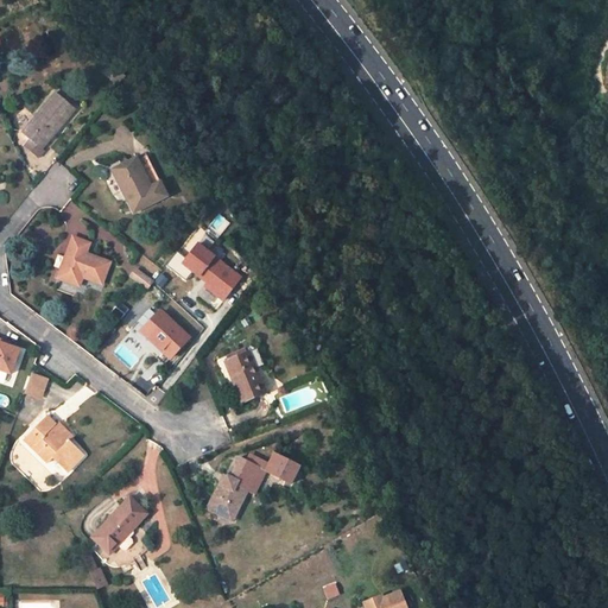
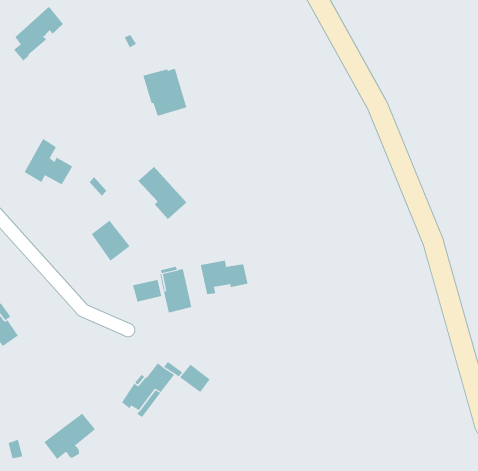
building: [112,154,166,210] -> [142,68,187,116]
building: none -> [200,260,248,295]
building: none -> [132,279,162,302]
building: [93,496,147,552] -> [43,413,96,460]

